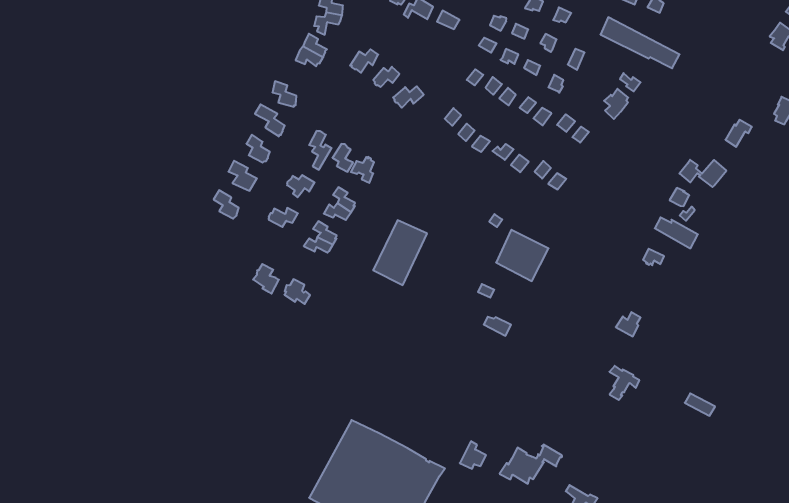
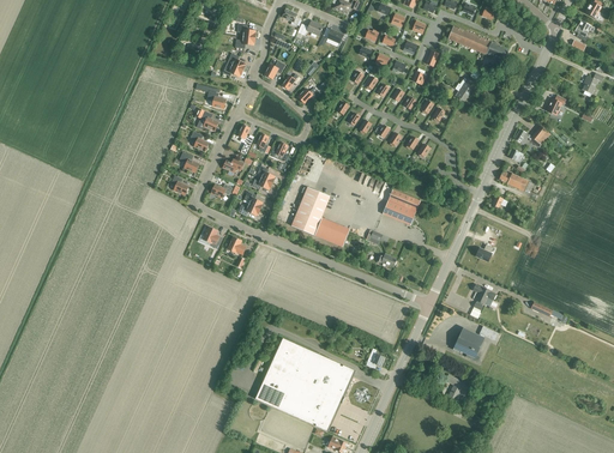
building: none -> [314,217,350,247]
building: [500,445,562,484] -> [452,325,498,355]

